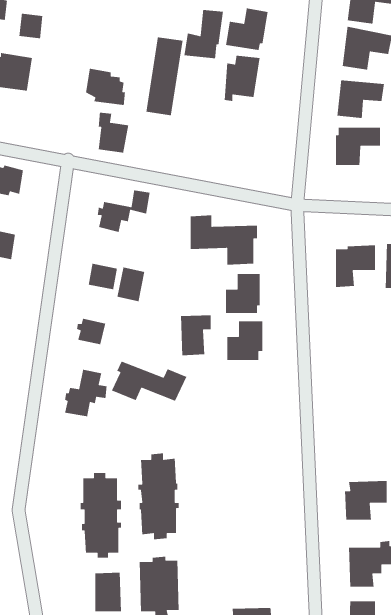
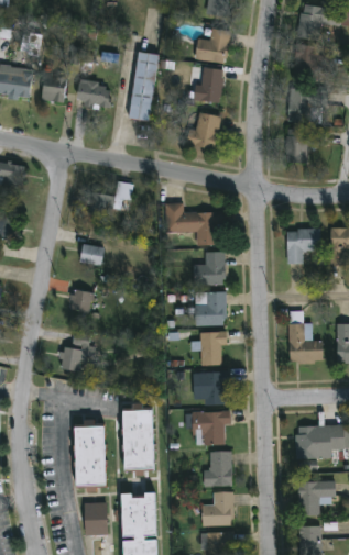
building: [184,9,224,59] -> none
building: none -> [186,113,222,152]
building: [98,112,129,154] -> [42,69,68,104]
building: [117,266,145,302] -> none
building: [180,314,212,356] -> [200,331,227,366]
building: none -> [290,310,324,364]
building: [111,360,187,402] -> none
building: none -> [196,371,229,406]
building: none -> [186,411,230,446]
building: none -> [204,452,232,487]
building: none -> [203,491,233,528]

